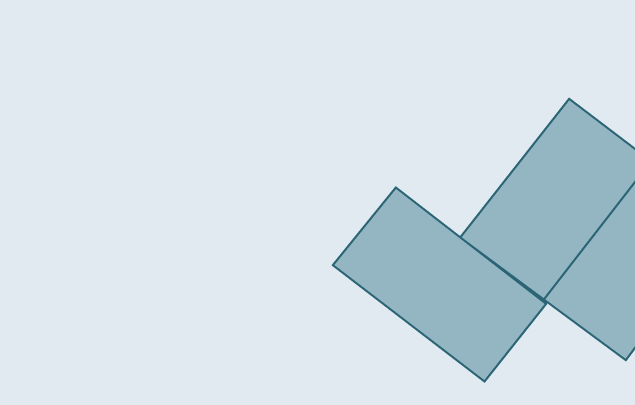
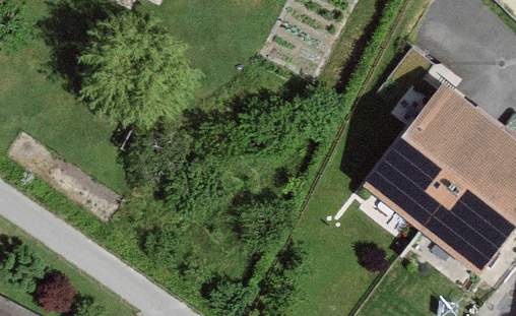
building: [333,188,546,381] -> none

